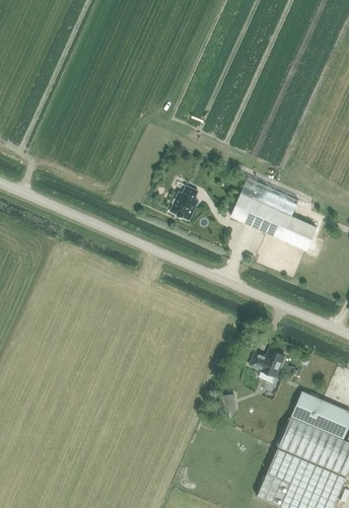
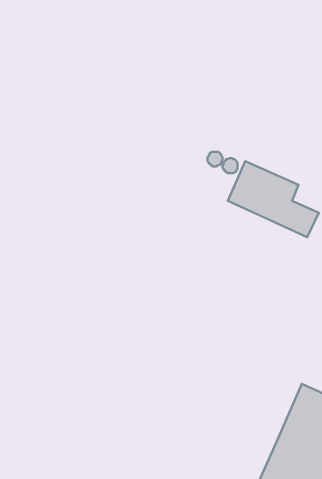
building: [170,187,199,221] -> none
building: [250,350,284,377] -> none

